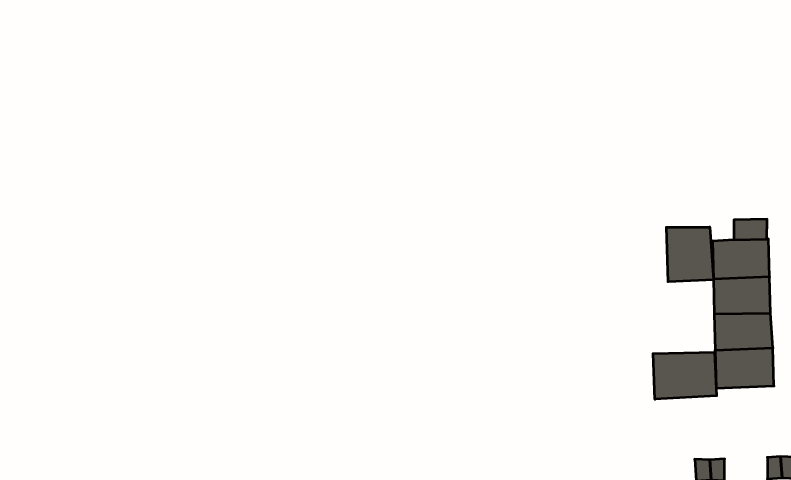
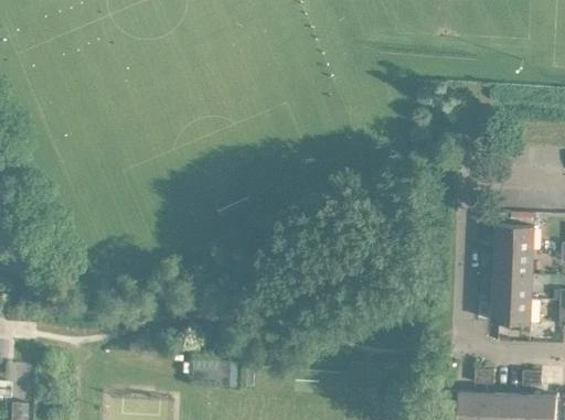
building: [666,227,713,282] -> none
building: [653,352,717,399] -> none

